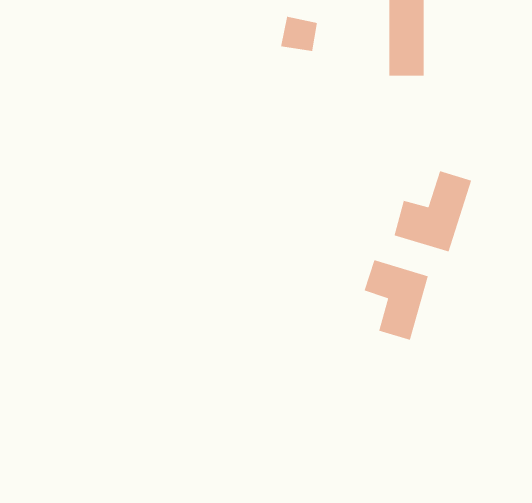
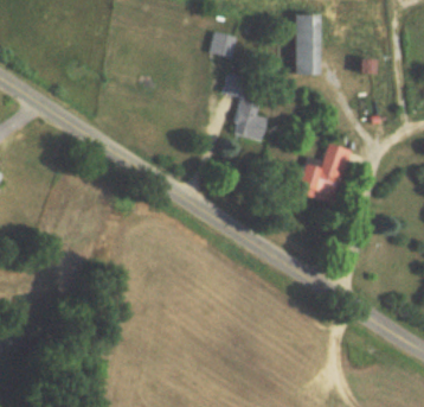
building: none -> [226,74,269,141]
building: [363,259,429,341] -> none

